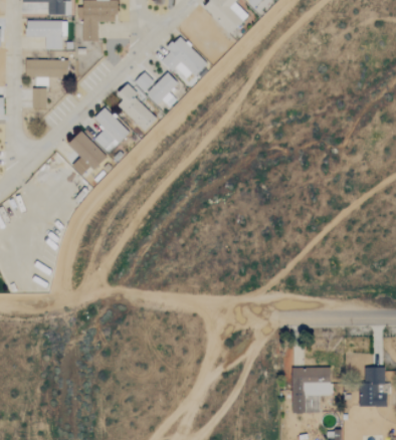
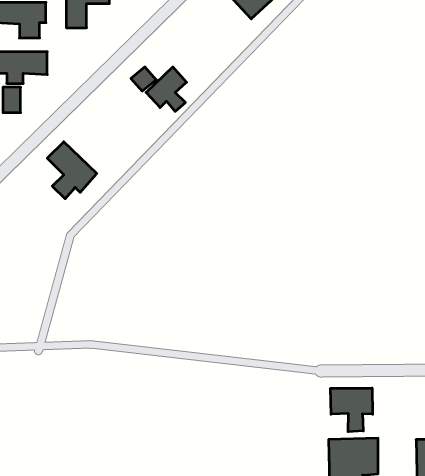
building: [161,36,206,80] -> none
building: [117,83,157,132] -> none
building: [93,107,129,153] -> none
building: none -> [331,388,373,432]

